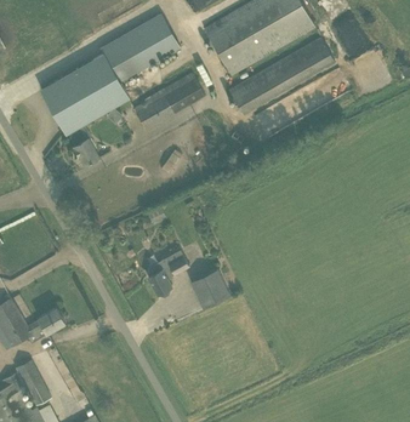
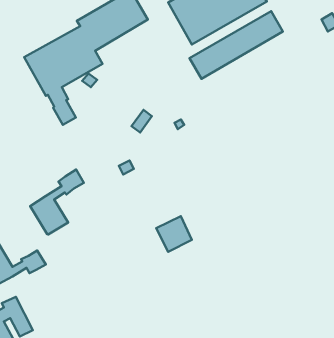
building: [133,73,204,130] -> none
building: none -> [30,170,84,235]
building: [147,250,188,297] -> none

